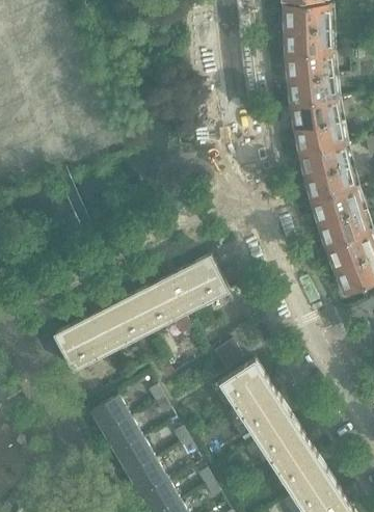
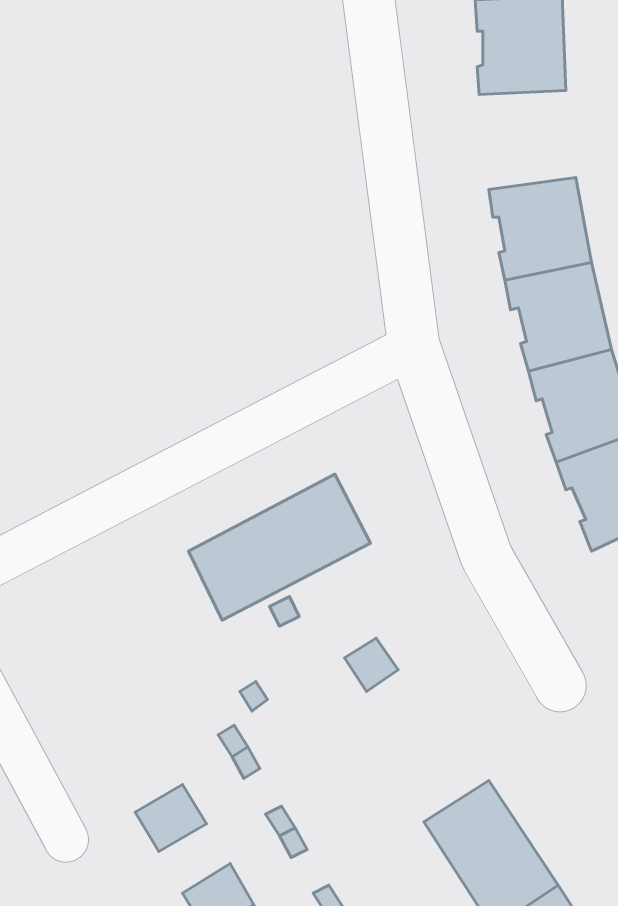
building: [285,55,336,107] -> none
building: [54,297,150,373] -> none
building: [219,361,290,439] -> none
building: [91,398,129,434] -> none
building: [116,440,154,477] -> none

